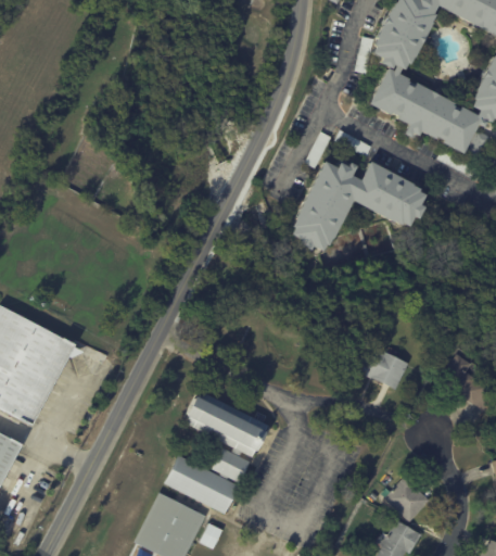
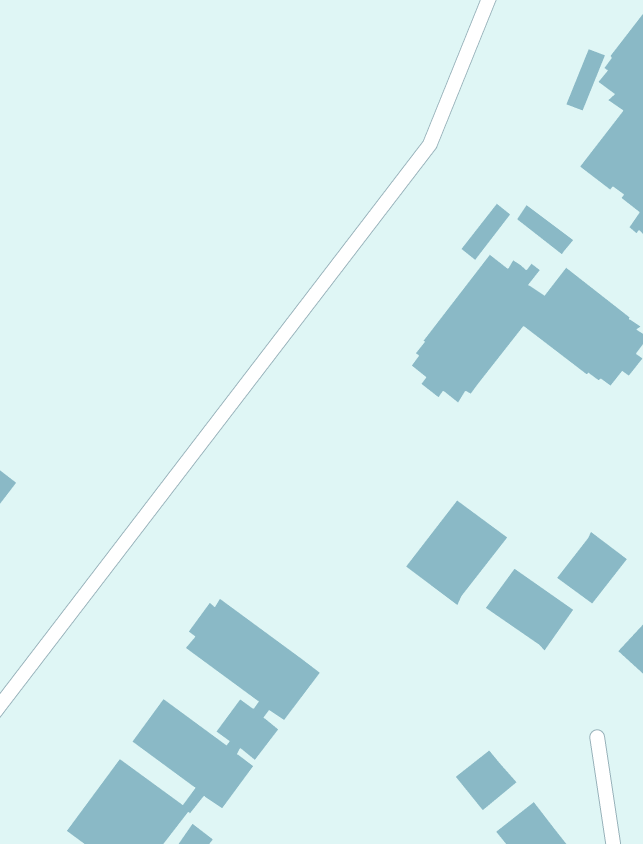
building: none -> [405,500,508,606]
building: none -> [556,531,628,605]
building: none -> [455,749,517,811]

